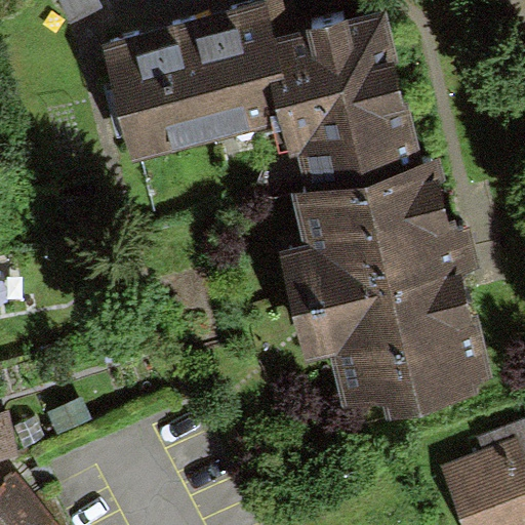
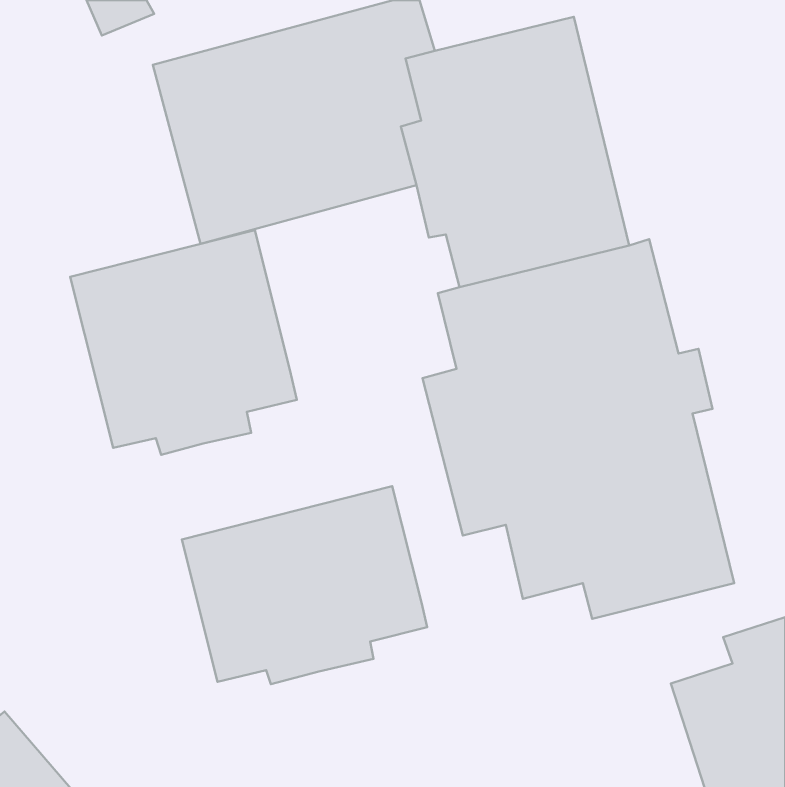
building: none -> [70,230,297,455]
building: none -> [182,486,427,684]

